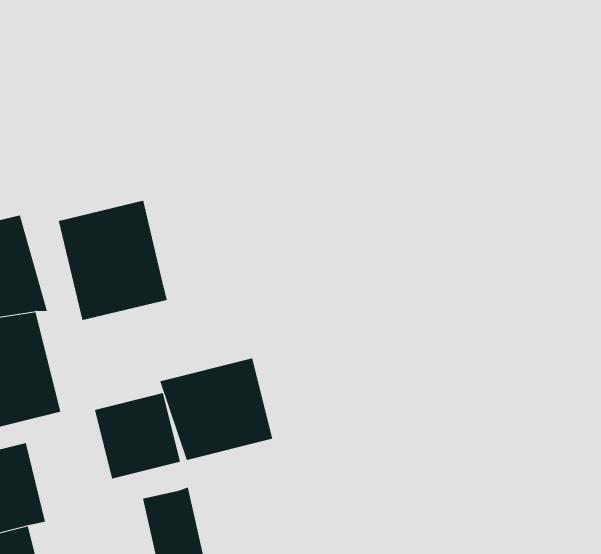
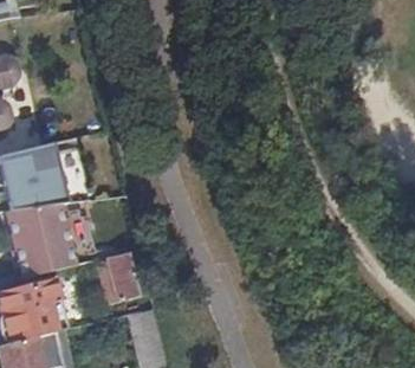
building: [58,200,167,321] -> none
building: [160,358,273,461] -> none

